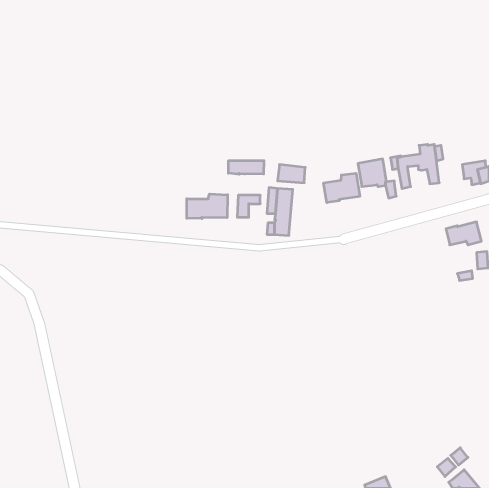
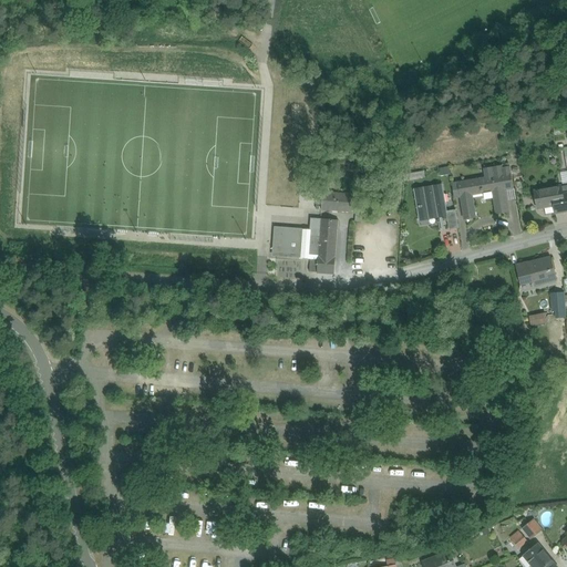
building: [228,161,264,174] -> none
building: [324,173,360,203] -> none
building: [187,194,228,219] -> none

